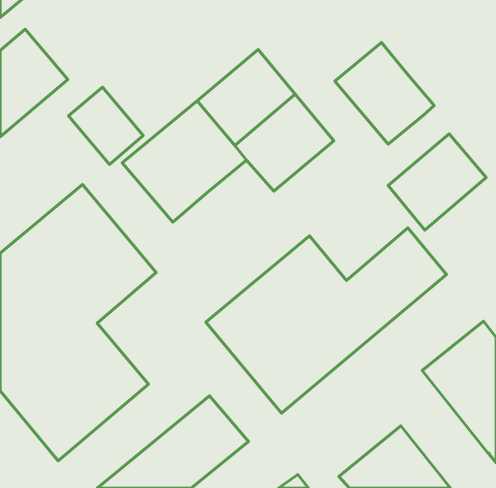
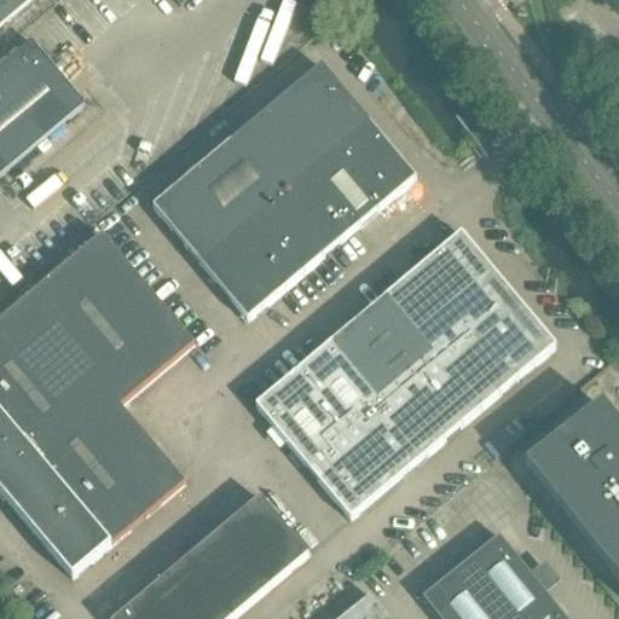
building: [335,42,434,144] -> none
building: [68,87,143,164] -> none
building: [388,134,486,230] -> [386,230,508,349]
building: none -> [215,199,341,317]

